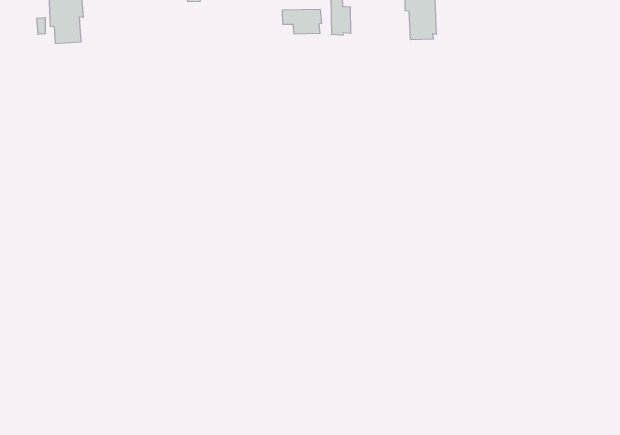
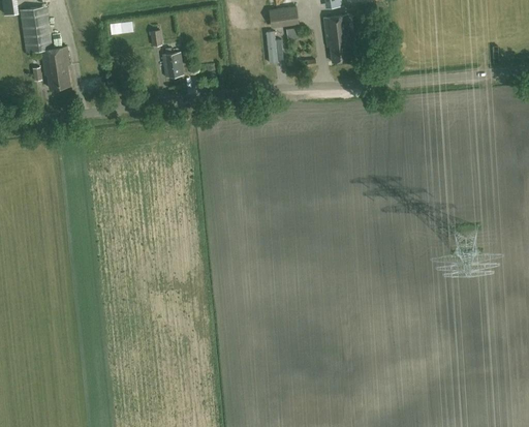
building: [282,9,321,34] -> none
building: none -> [162,52,183,78]

